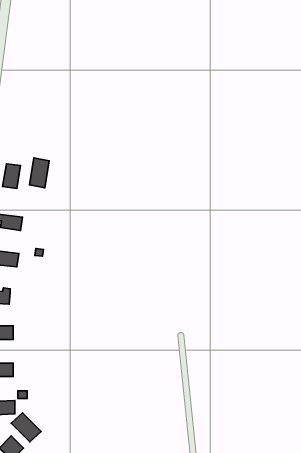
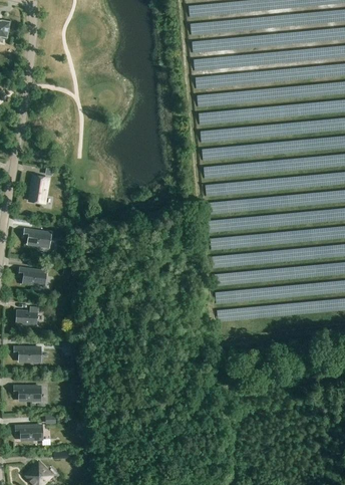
building: [29,158,49,188] -> none
building: [11,413,41,442] -> none

